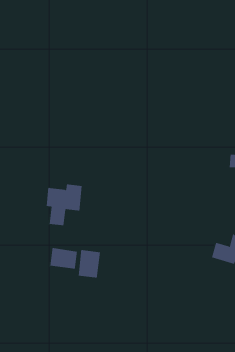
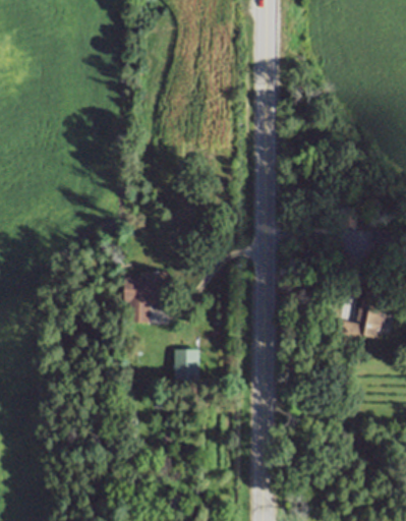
building: [50,247,78,269] -> none

